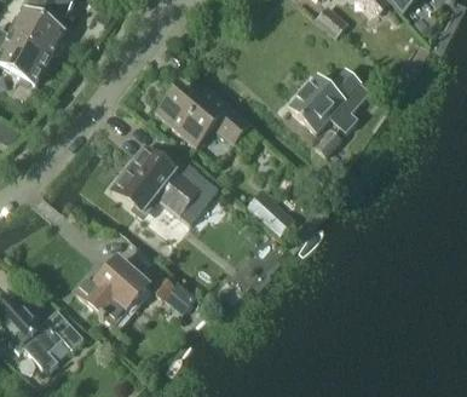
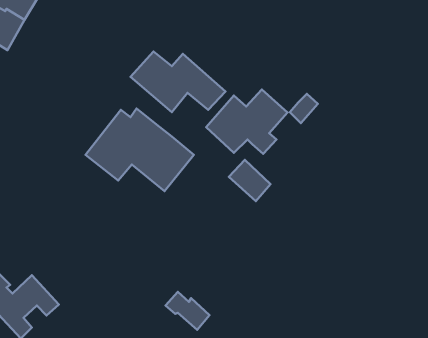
building: [289,68,370,132] -> [206,90,288,154]
building: [75,257,148,324] -> none
building: [152,275,196,312] -> [166,292,209,330]

